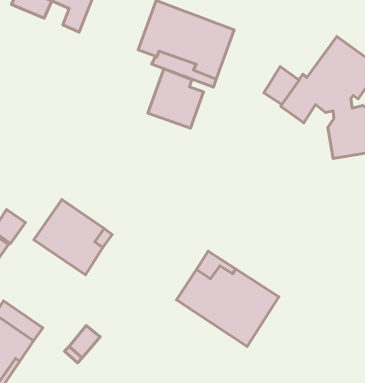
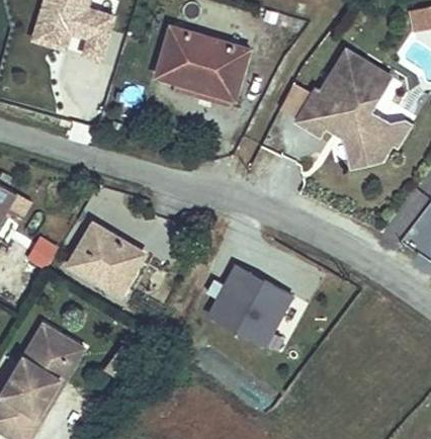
building: [148,69,204,128] -> none

